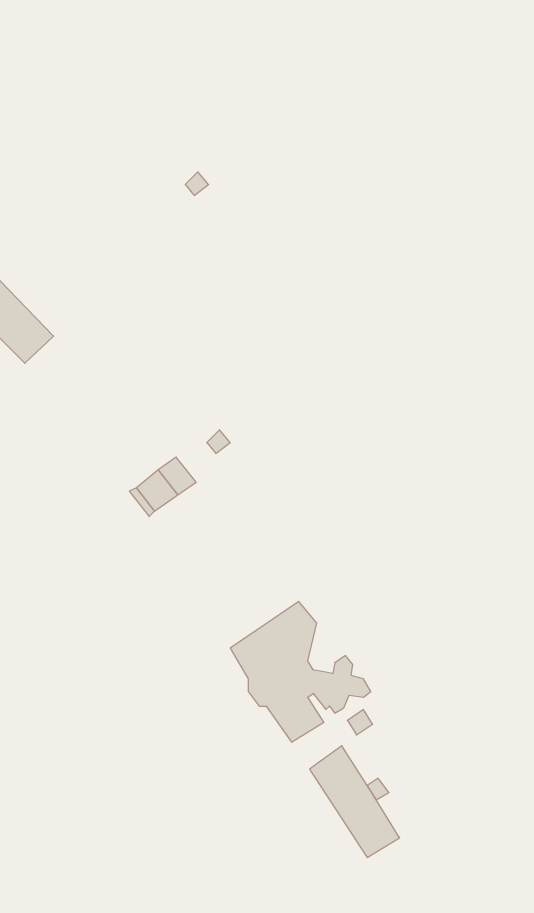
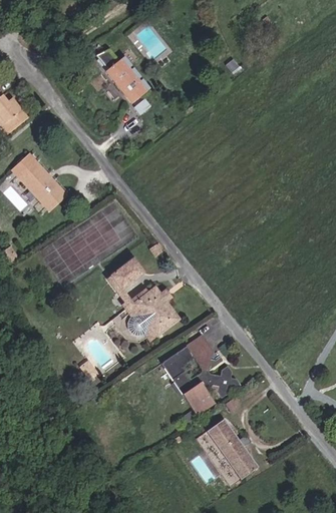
building: none -> [96,48,148,101]
building: none -> [125,286,179,341]

